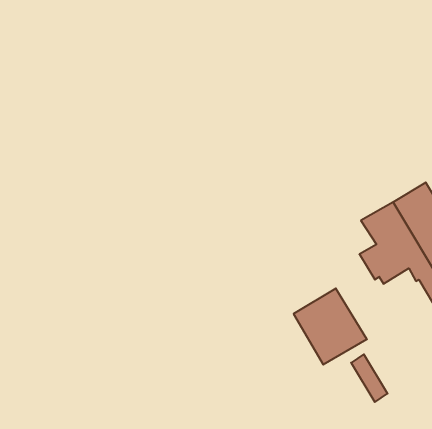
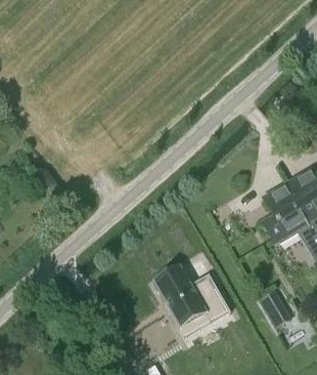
building: [294,288,367,365] -> [162,269,215,325]

